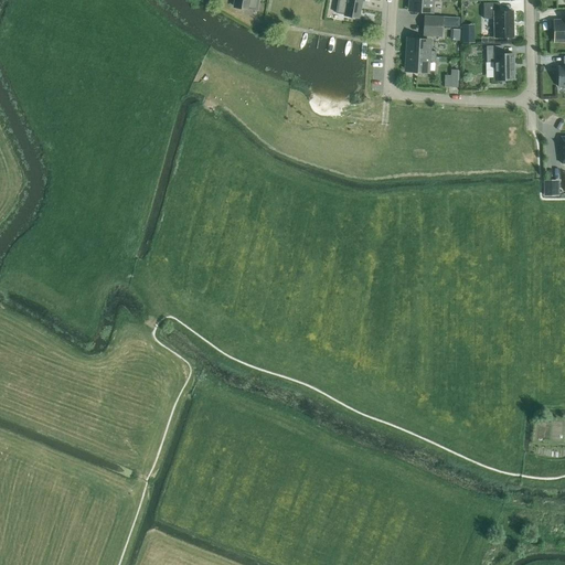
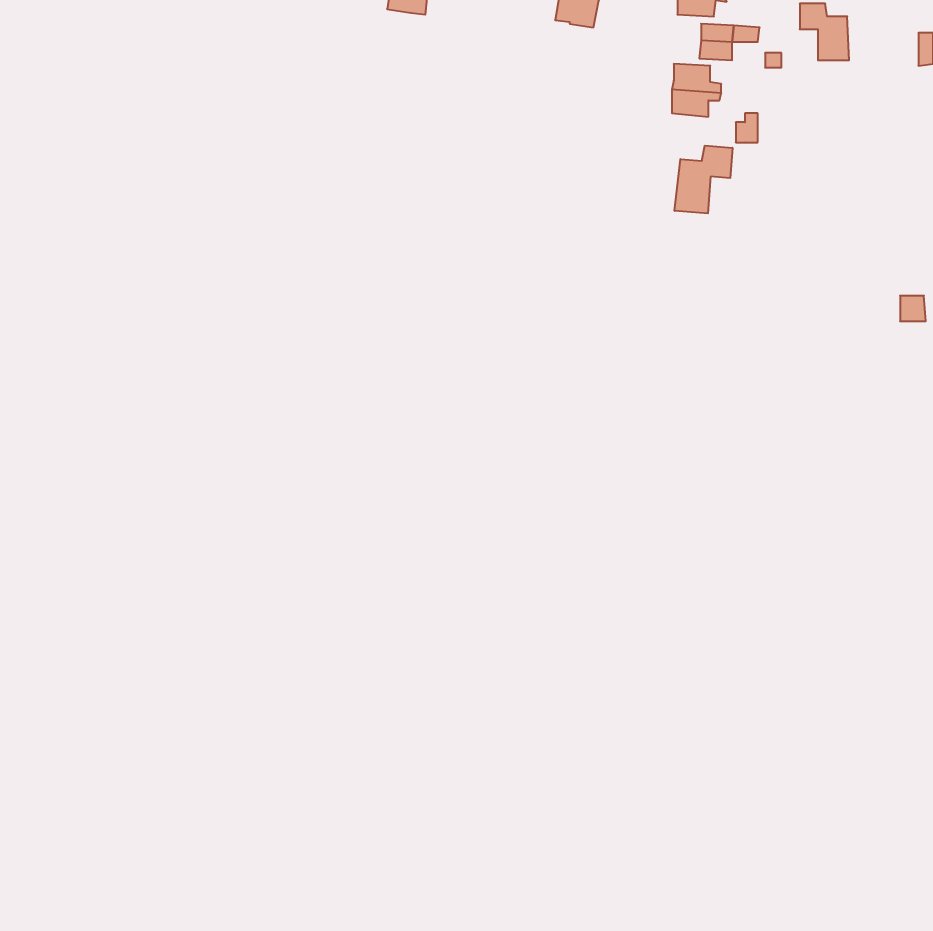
building: [487,45,514,78] -> none
building: none -> [675,146,732,213]

